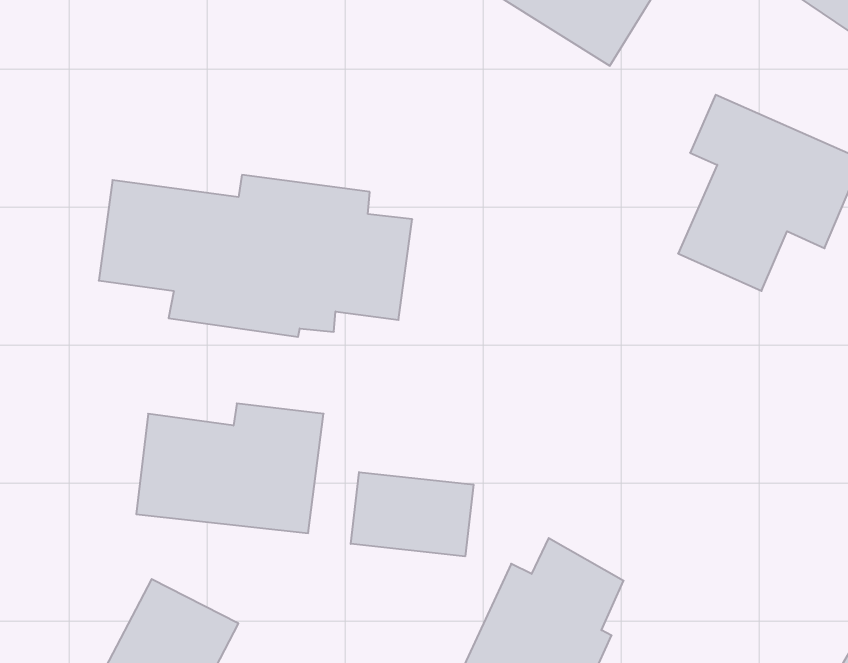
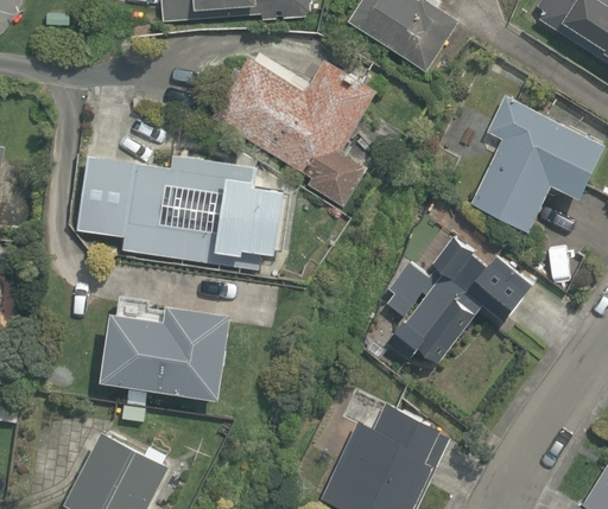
building: none -> [214,57,379,204]
building: none -> [384,233,530,368]
building: [351,472,474,556] -> none

